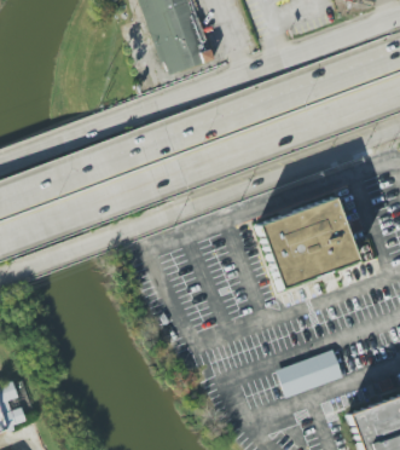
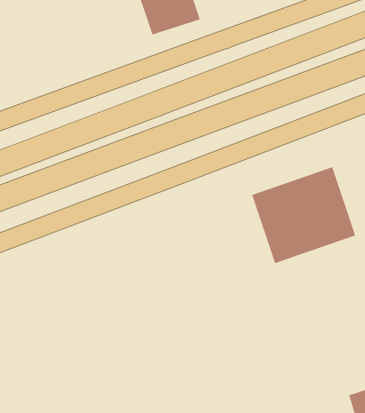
building: [276,350,342,397] -> none

